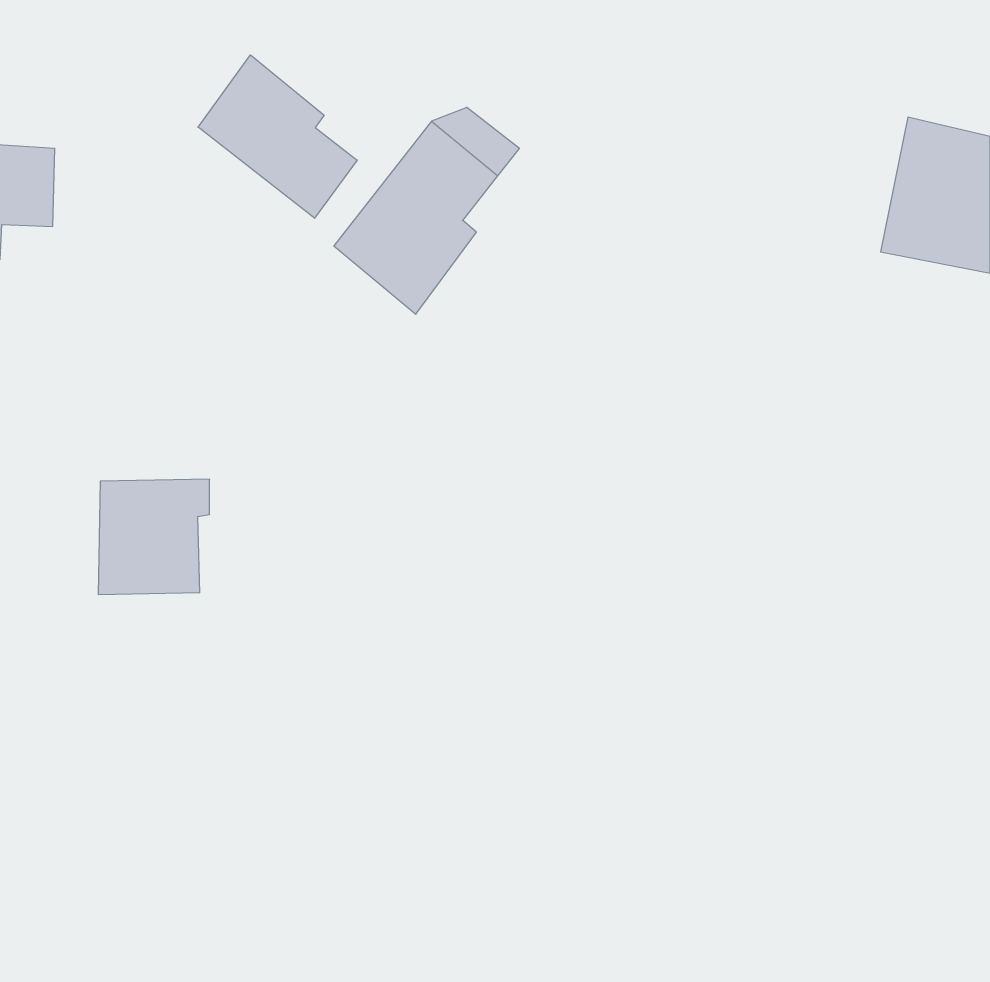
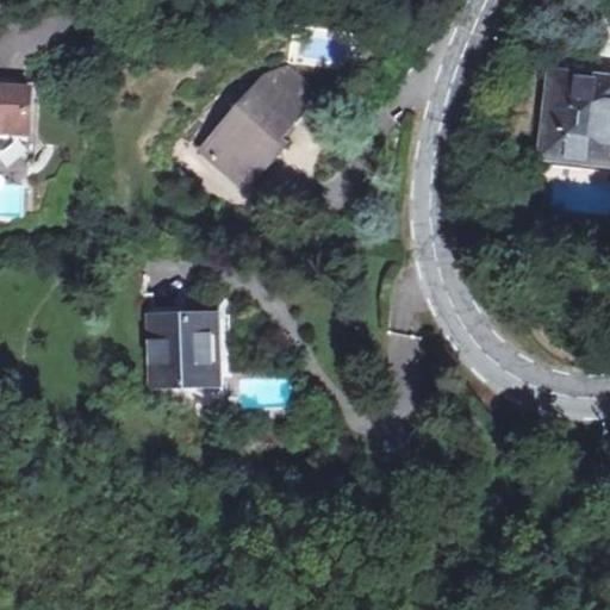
building: [198,55,357,218] -> none
building: [98,479,210,594] -> [143,311,211,381]

